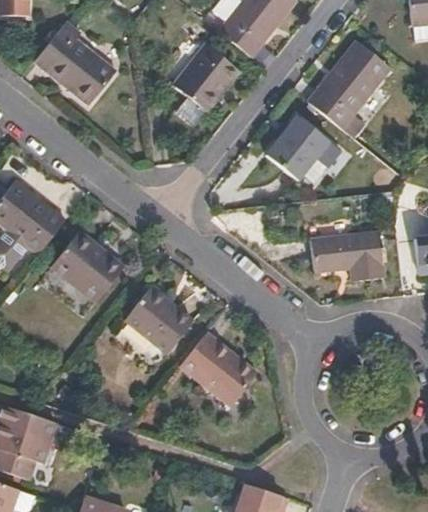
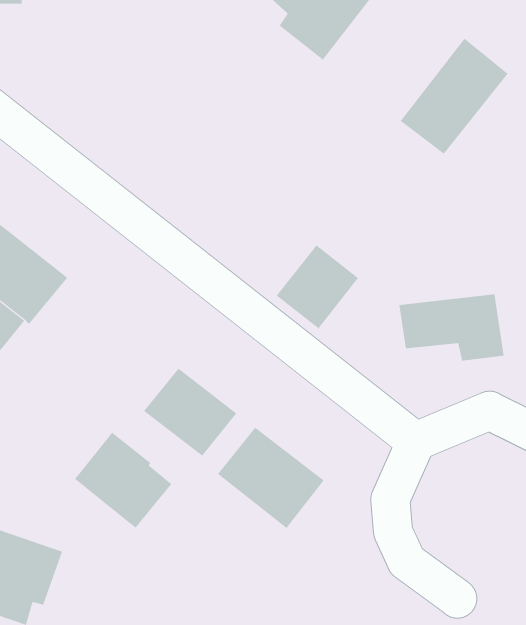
building: [33,20,116,105] -> none
building: [174,44,241,127] -> none
building: [268,118,330,181] -> [276,245,359,329]
building: [48,228,121,300] -> [74,432,172,529]

